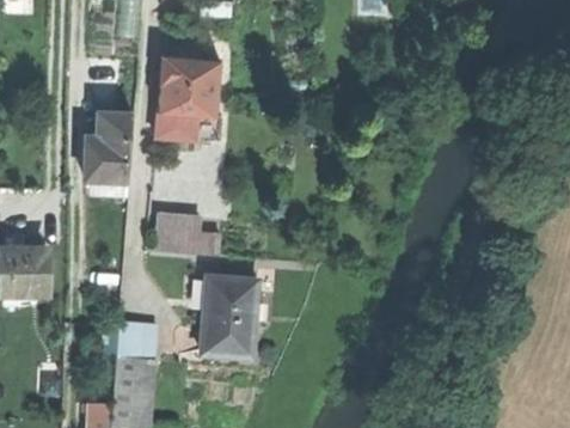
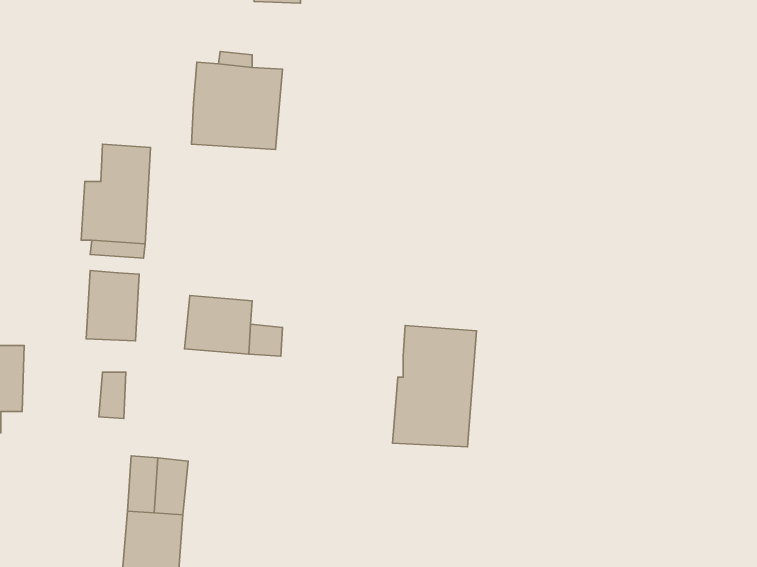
building: [157,111,215,141] -> none
building: none -> [86,271,139,341]
building: [201,275,257,356] -> [393,326,476,447]

